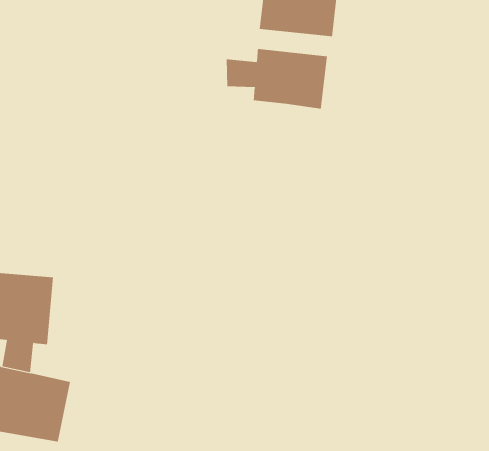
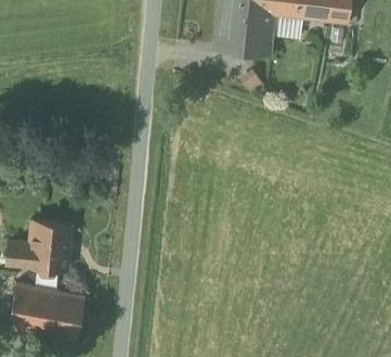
building: [226,48,327,110] -> none

